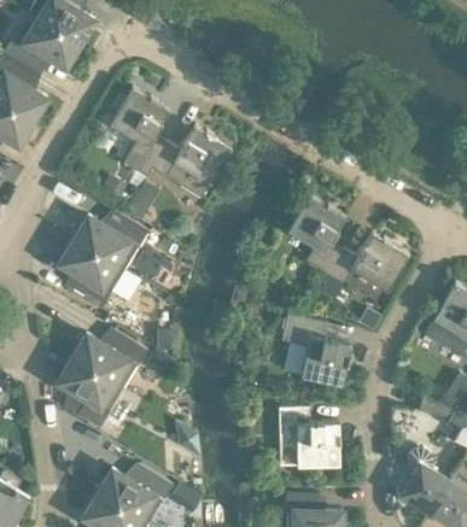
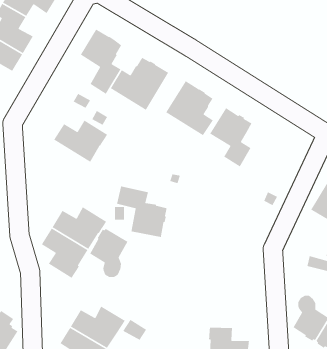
building: none -> [165,80,214,136]
building: [328,234,408,292] -> none
building: [59,240,124,311] -> none
building: [281,316,351,387] -> [116,186,168,238]
building: none -> [89,228,128,278]
building: [279,409,340,467] -> none

